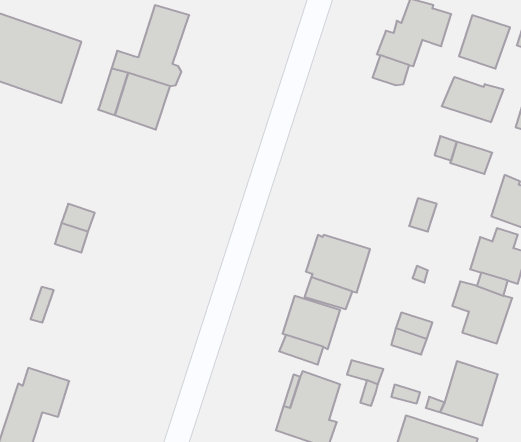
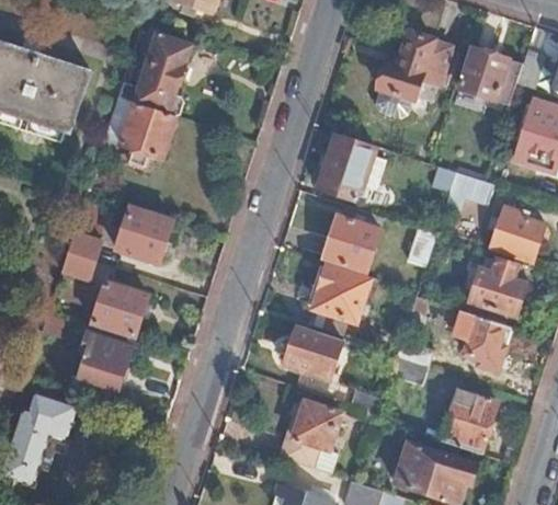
building: [442,77,503,122] -> none
building: none -> [319,134,385,196]
building: none -> [116,208,170,262]
building: none -> [323,211,382,268]
building: none -> [92,282,146,336]
building: none -> [80,334,130,389]

